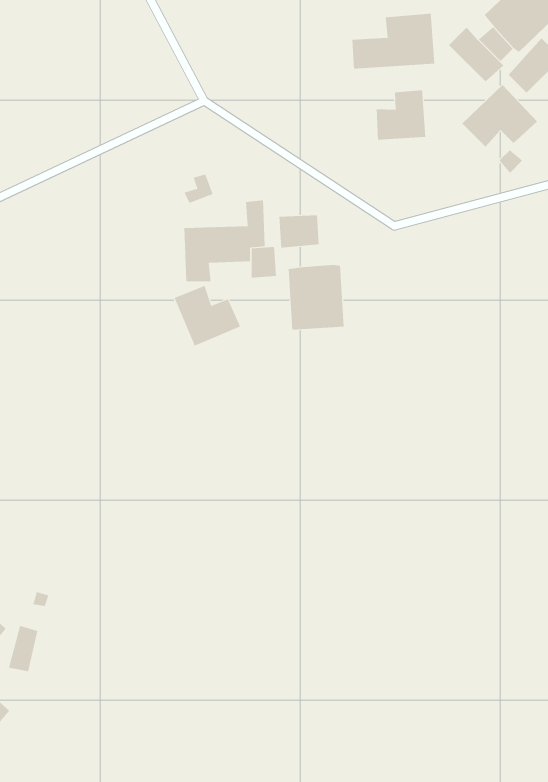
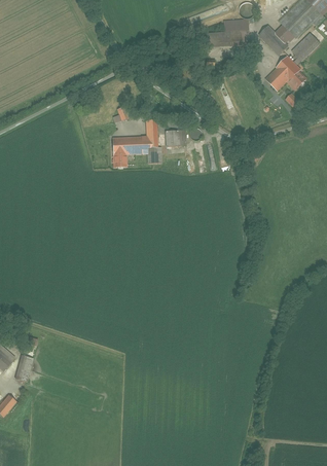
building: [376,90,426,141] -> none
building: [288,264,344,330] -> none
building: [174,285,241,346] -> none

